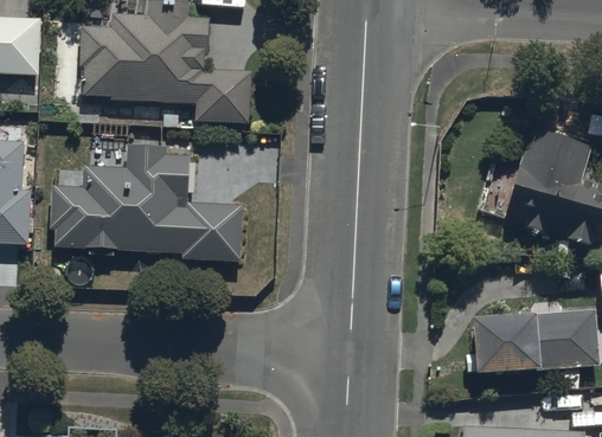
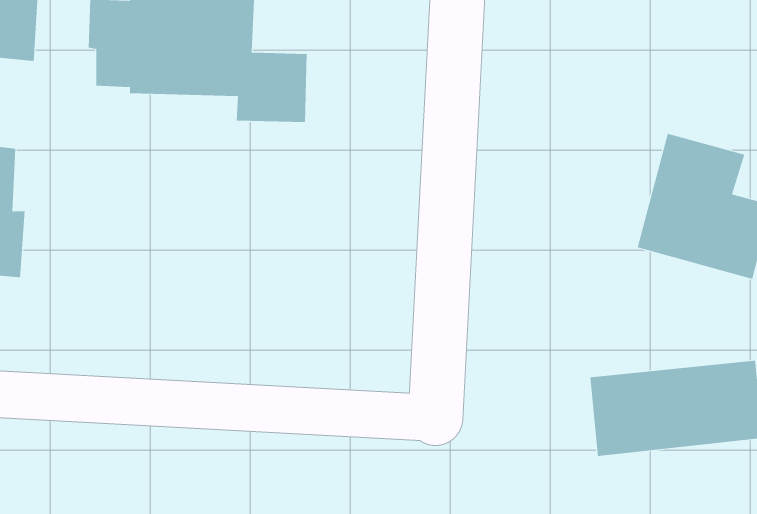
building: [50,143,242,261] -> none

